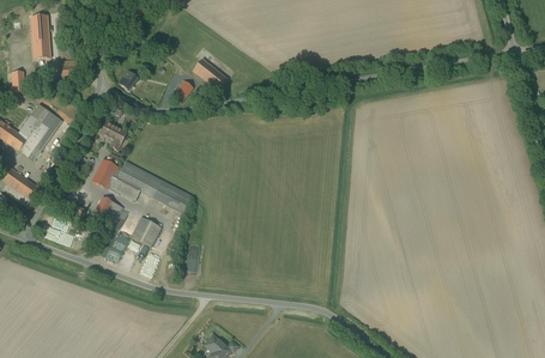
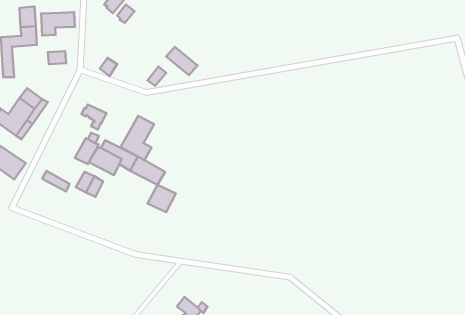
building: none -> [41,12,75,36]
building: none -> [120,116,154,160]
building: [131,217,162,247] -> [148,185,176,212]

